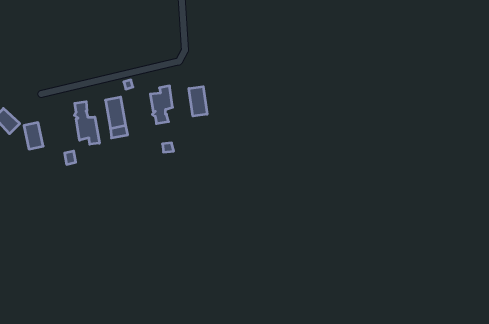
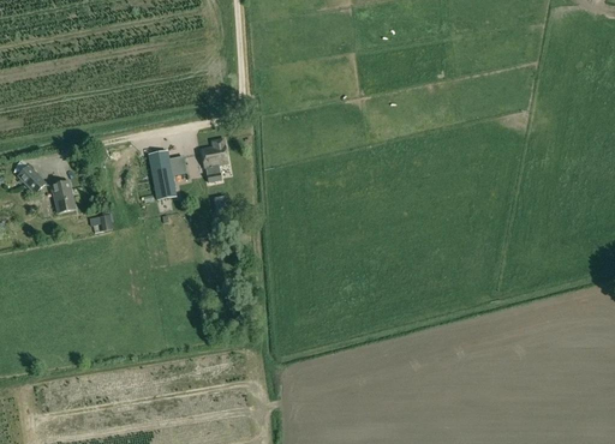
building: [189,87,207,116] -> none
building: [74,102,99,144] -> none

